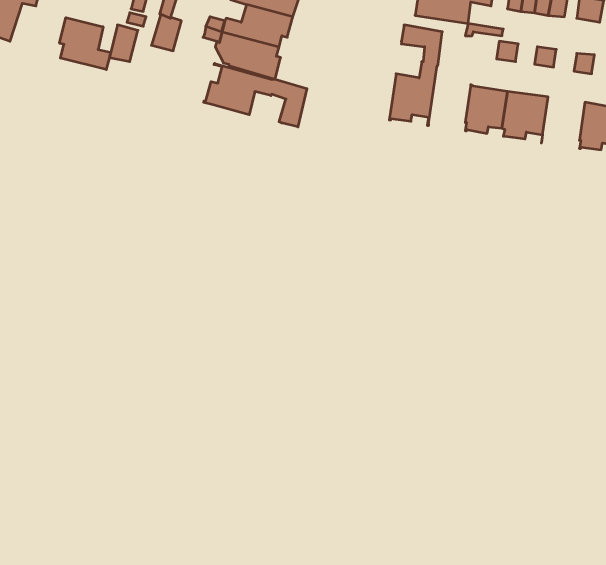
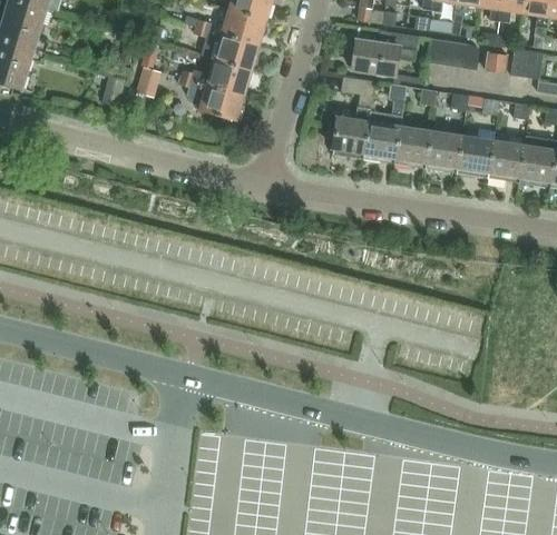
building: [60,18,110,70] -> none
building: none -> [363,100,404,159]
building: [204,63,307,127] -> none
building: none -> [456,129,491,174]

